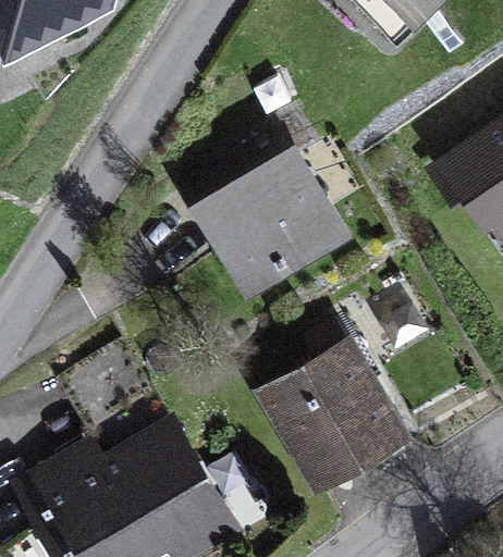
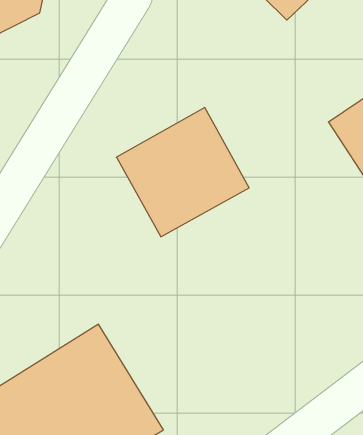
building: [258,336,406,487] -> none

